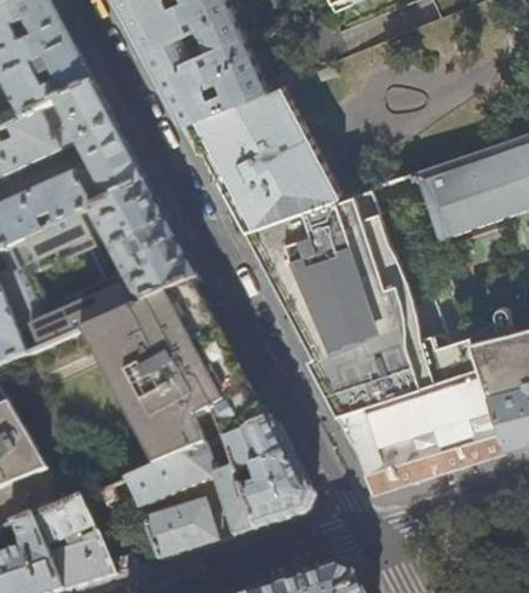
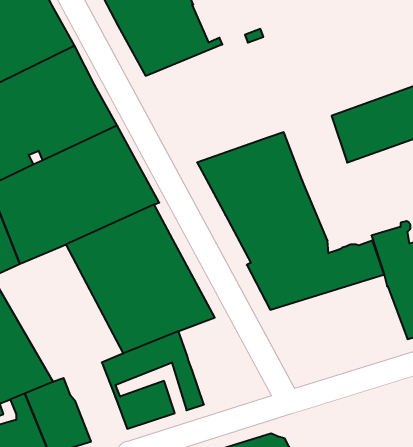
building: [189,85,337,231] -> none
building: [338,370,508,493] -> none
building: [224,421,315,531] -> none

